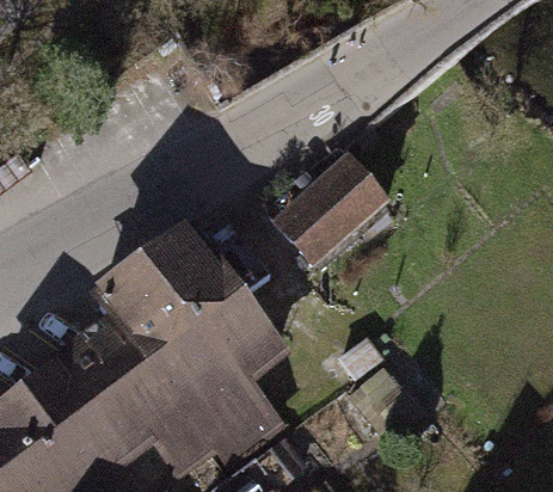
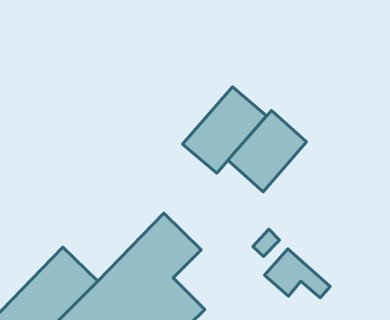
building: none -> [228,110,306,192]
building: [92,215,264,373] -> none

